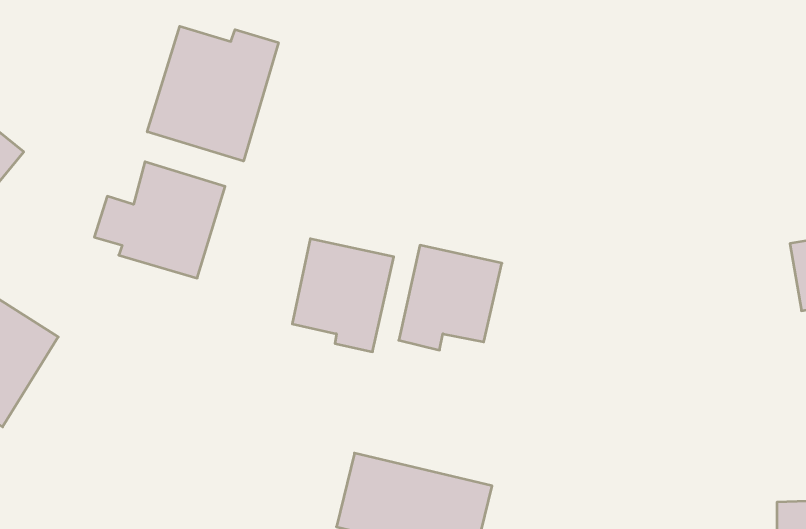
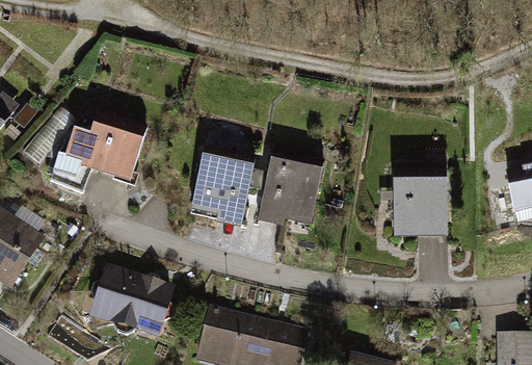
building: [147,26,278,161] -> none
building: none -> [392,172,447,243]
building: none -> [86,258,170,330]

